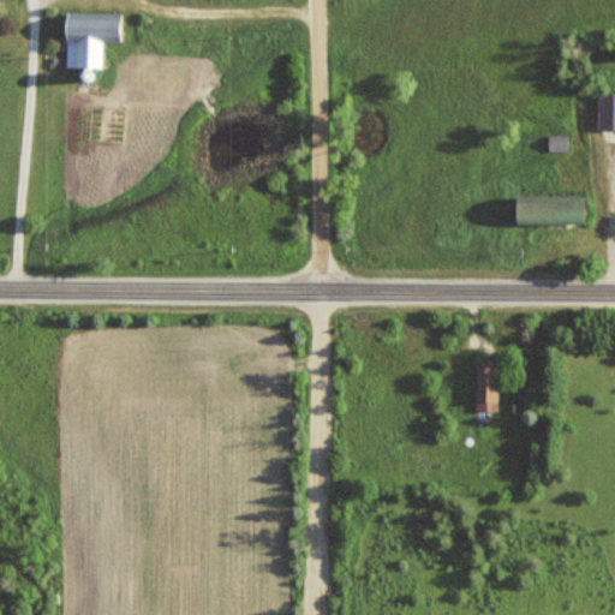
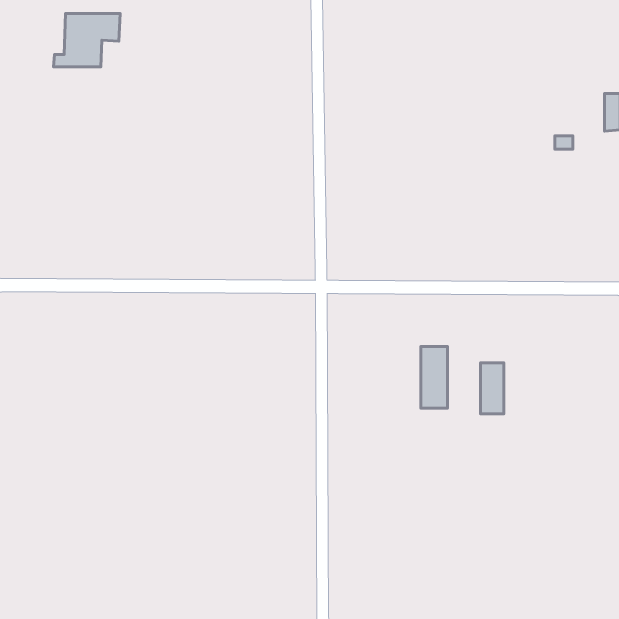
building: [517,197,585,223] -> none
building: none -> [421,347,448,408]

